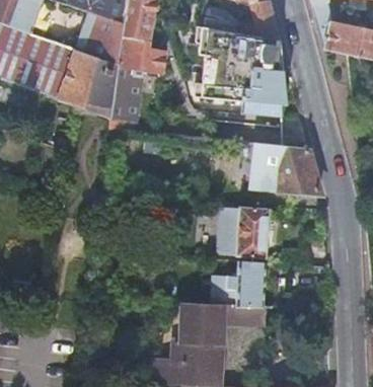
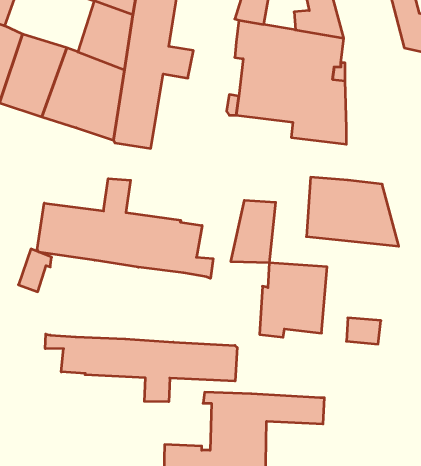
building: none -> [37,179,213,278]
building: none -> [231,200,276,263]
building: none -> [45,334,237,402]
building: [212,260,265,305] -> none

